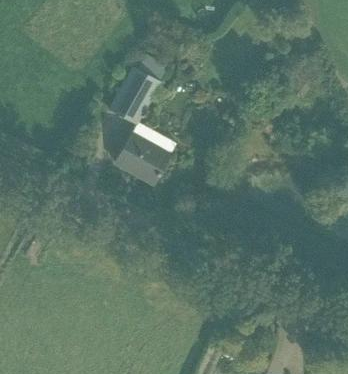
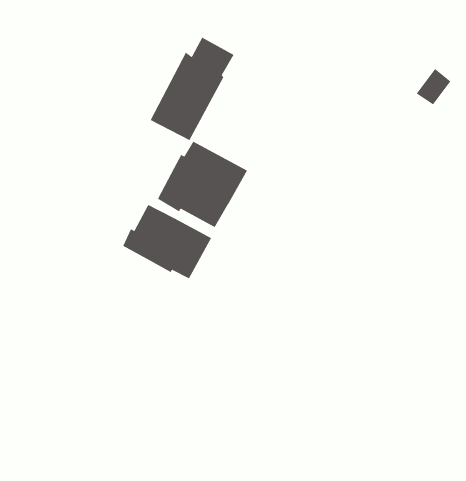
building: none -> [123,203,212,279]

